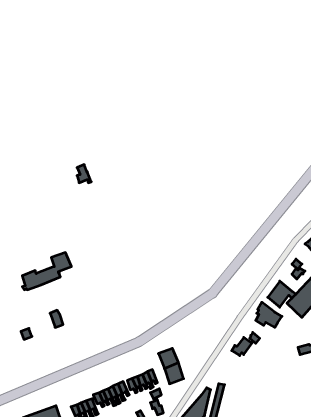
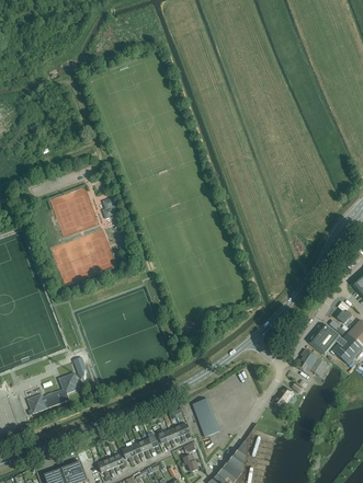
building: [22,253,71,290] -> [27,372,81,413]

